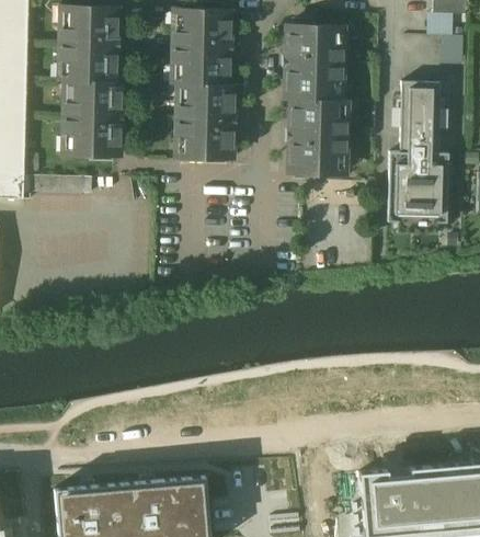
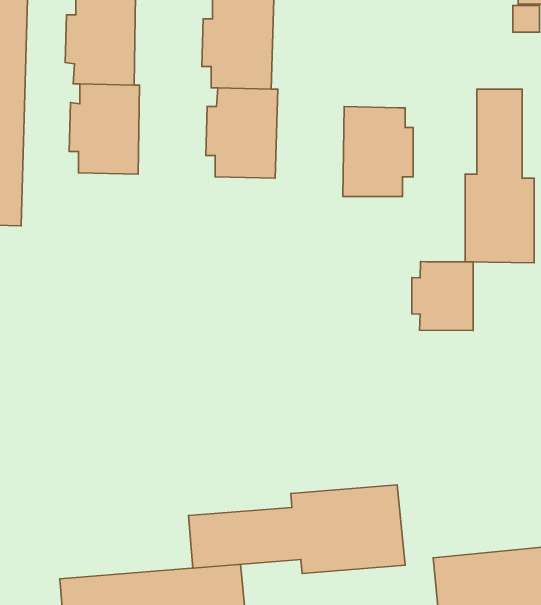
building: [285,26,343,101] -> none
building: none -> [412,262,473,331]
building: none -> [189,485,405,573]

